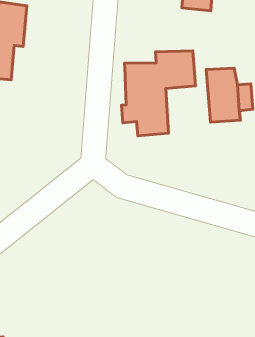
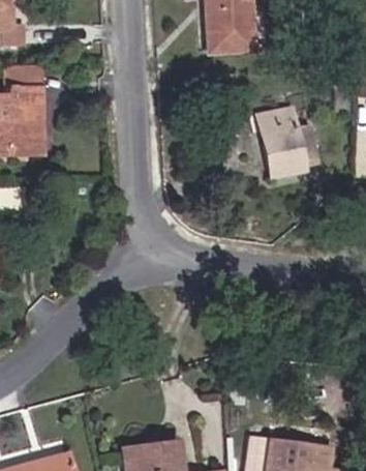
building: [121,51,196,136] -> none

